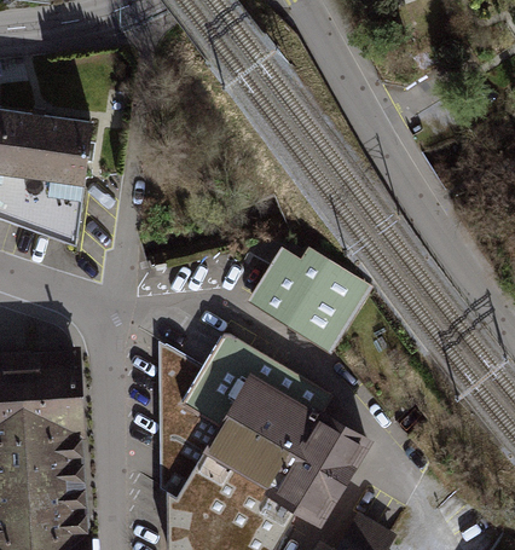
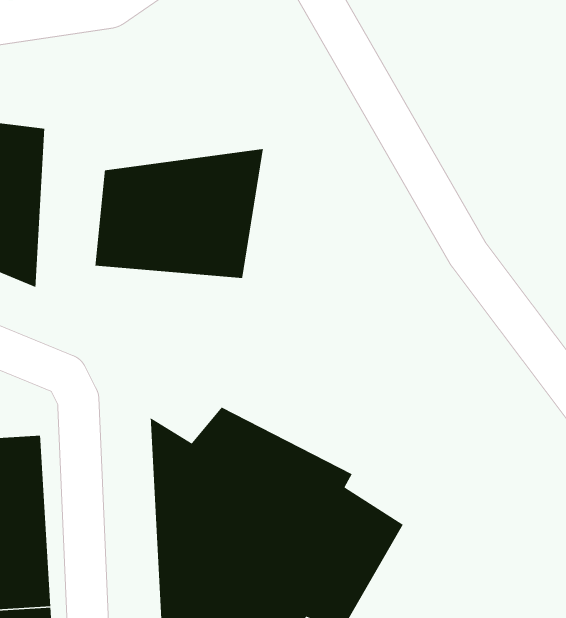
building: none -> [94,148,264,279]
building: [251,243,365,346] -> none

